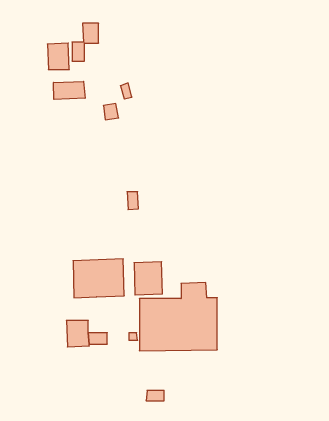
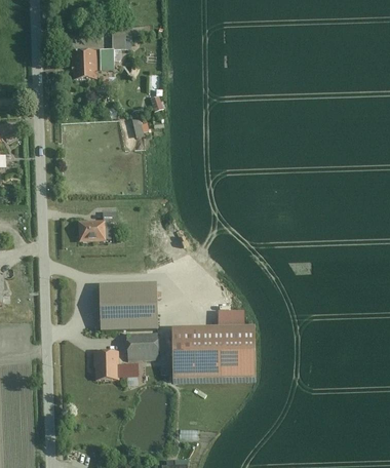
building: [54,81,85,99] -> none
building: none -> [77,211,115,241]
building: [134,262,162,295] -> [126,323,157,359]

